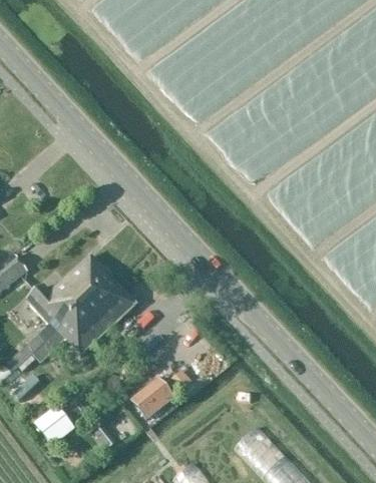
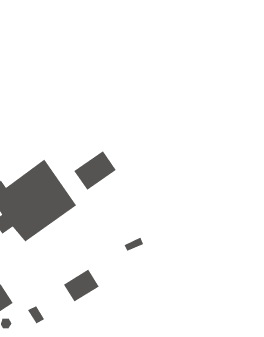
building: none -> [73,150,117,191]

